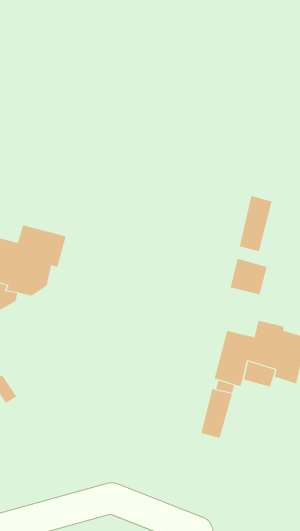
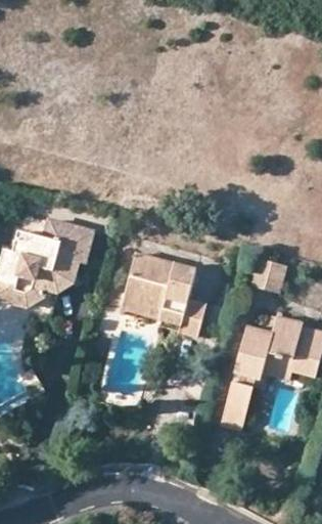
building: [239,195,272,252] -> none
building: none -> [122,252,205,338]

